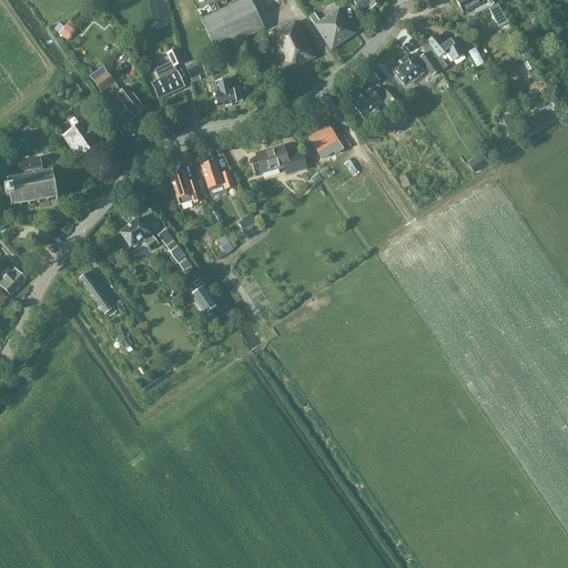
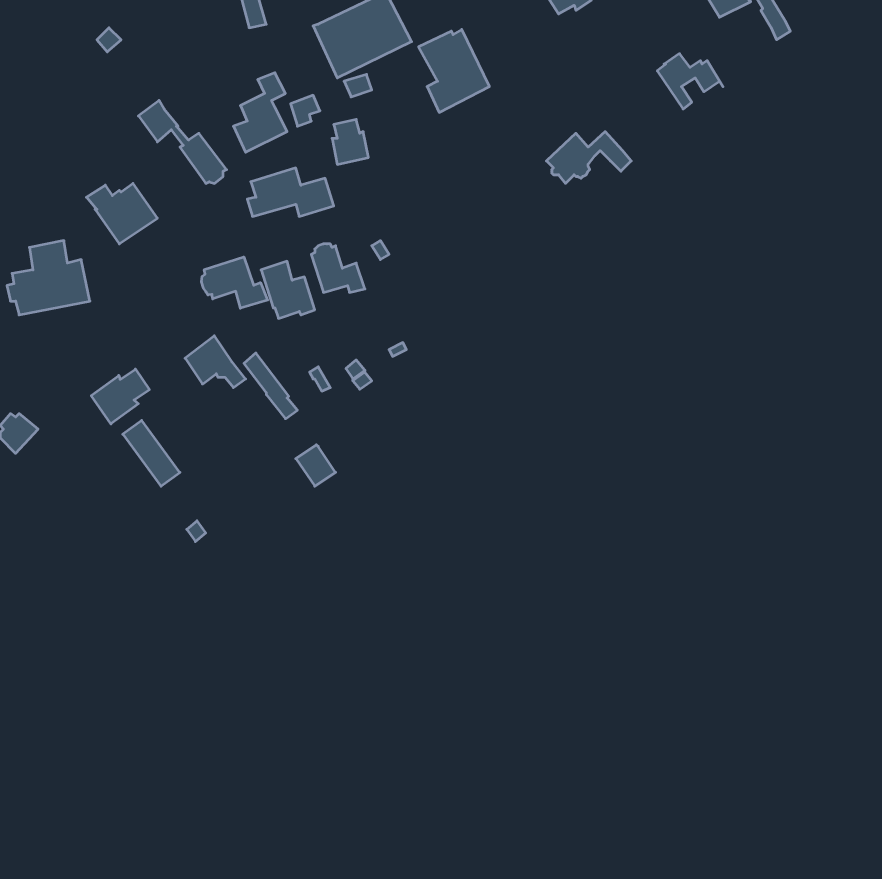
building: [310,7,354,48] -> none
building: [390,52,438,84] -> none
building: [308,122,341,152] -> none
building: [253,142,308,173] -> [247,168,334,216]
building: none -> [202,257,268,308]
building: none -> [91,369,149,424]

